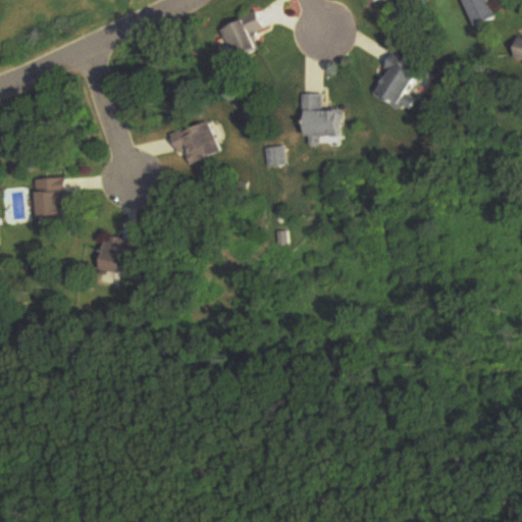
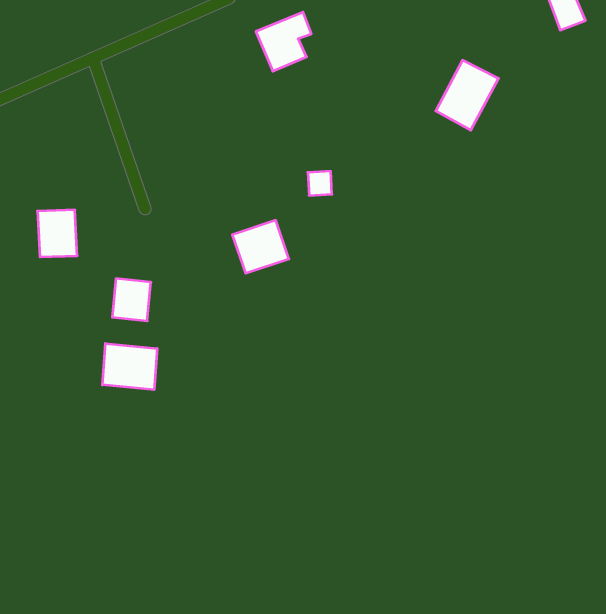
building: [301,93,341,145] -> none
building: [170,120,218,165] -> [232,220,289,273]
building: none -> [102,343,157,390]

